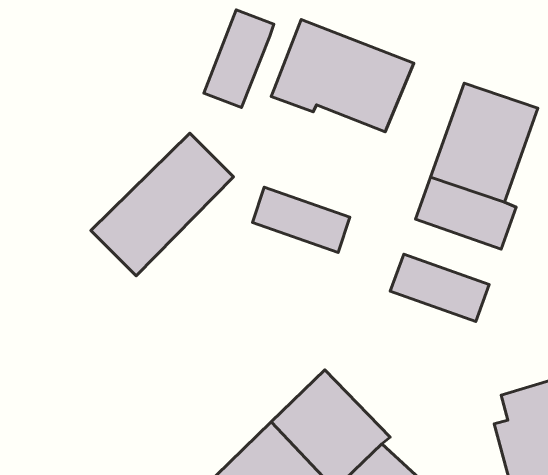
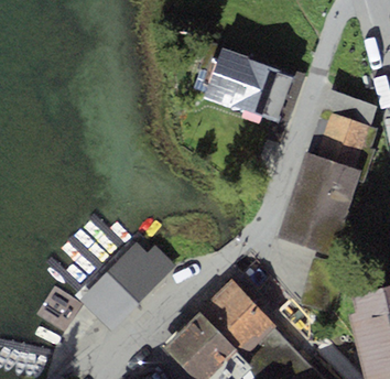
building: [204,10,274,107] -> none
building: [91,133,233,276] -> [80,238,174,332]
building: [252,187,350,253] -> [289,181,353,224]

